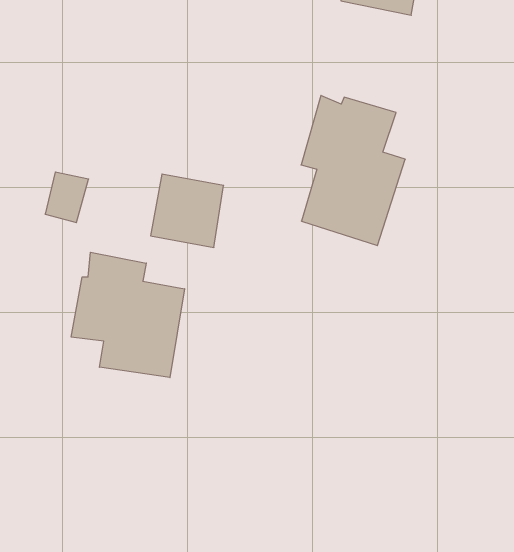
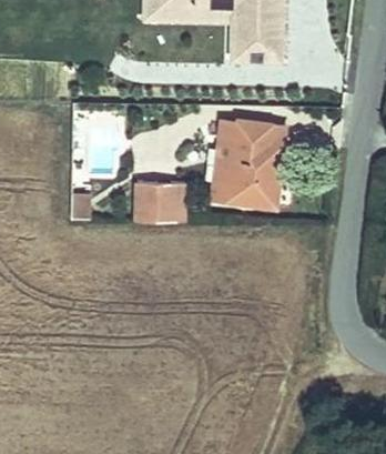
building: [71,252,185,378] -> none

